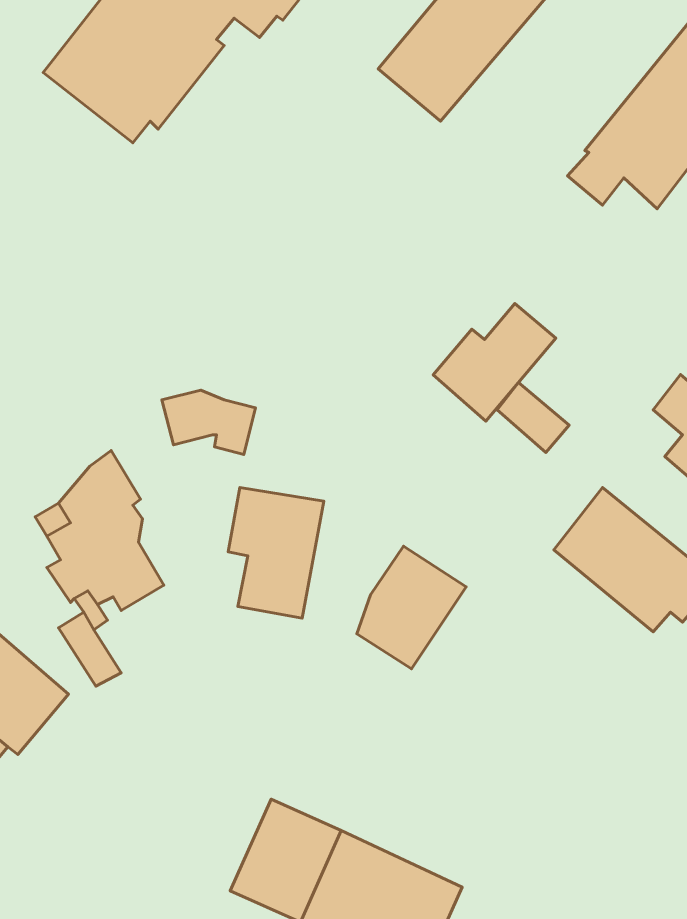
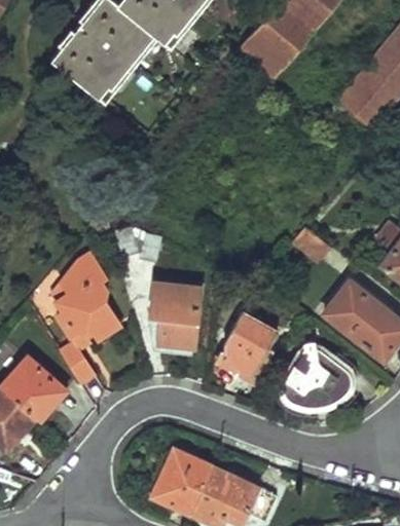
building: [433,303,556,421] -> none
building: none -> [278,341,344,407]

